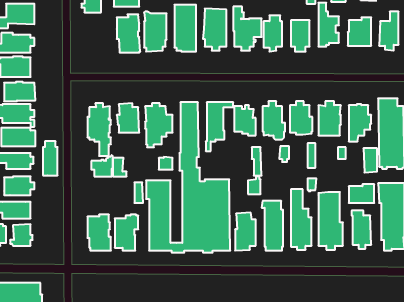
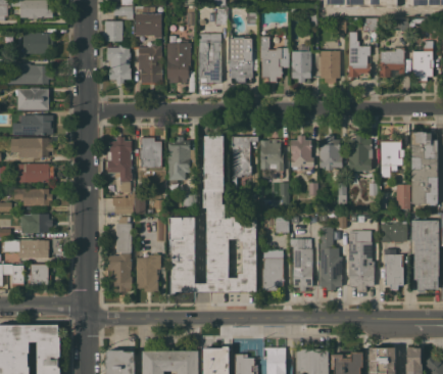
building: none -> [107,45,132,84]
building: [43,141,58,175] -> [116,217,132,252]

